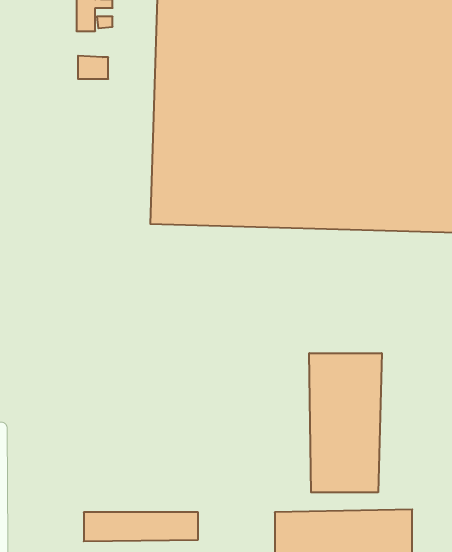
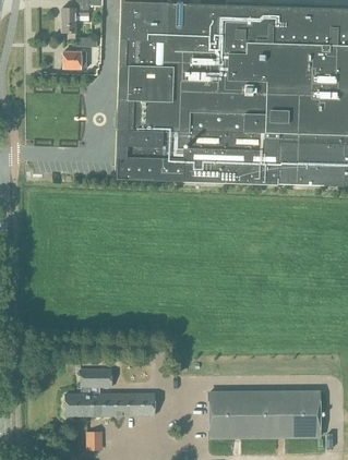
building: [309,353,382,492] -> none
building: none -> [81,370,112,395]

